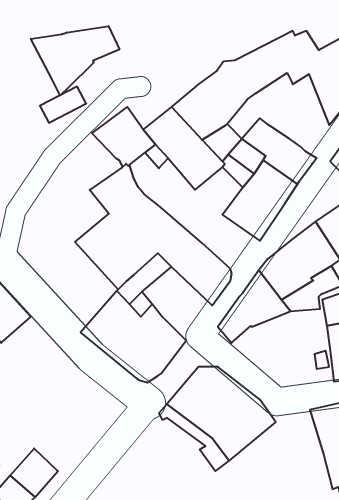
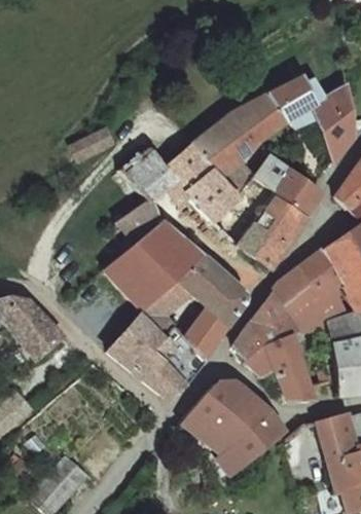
building: [31,26,119,95] -> none
building: none -> [186,308,228,358]
building: none -> [246,334,314,401]

